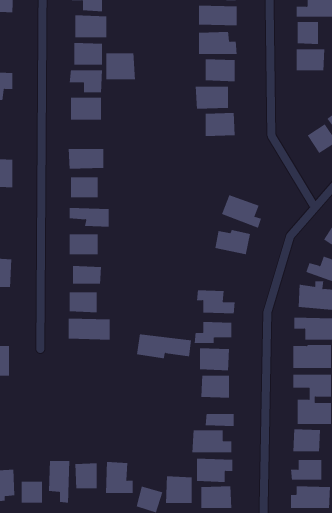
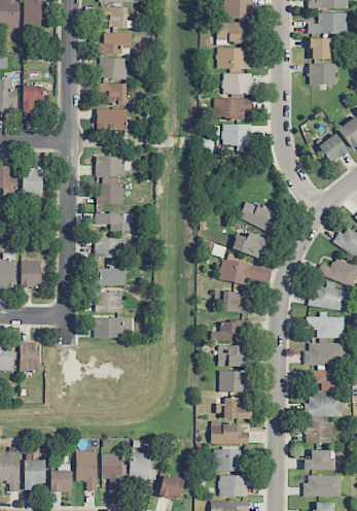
building: [106,52,135,80] -> none
building: [136,334,192,359] -> [219,260,272,283]
building: [165,476,192,504] -> none

